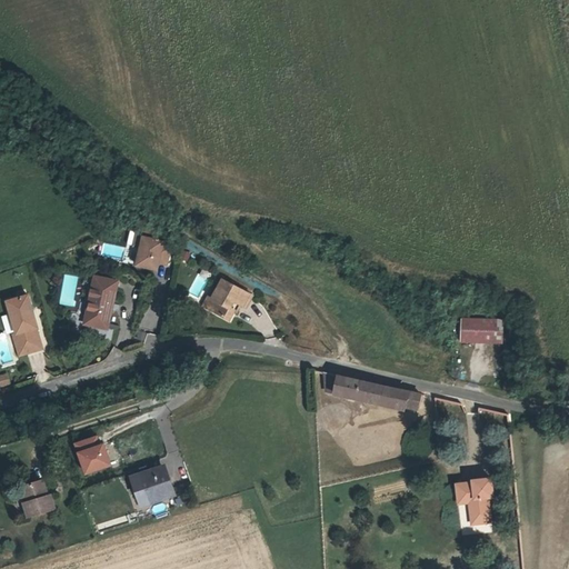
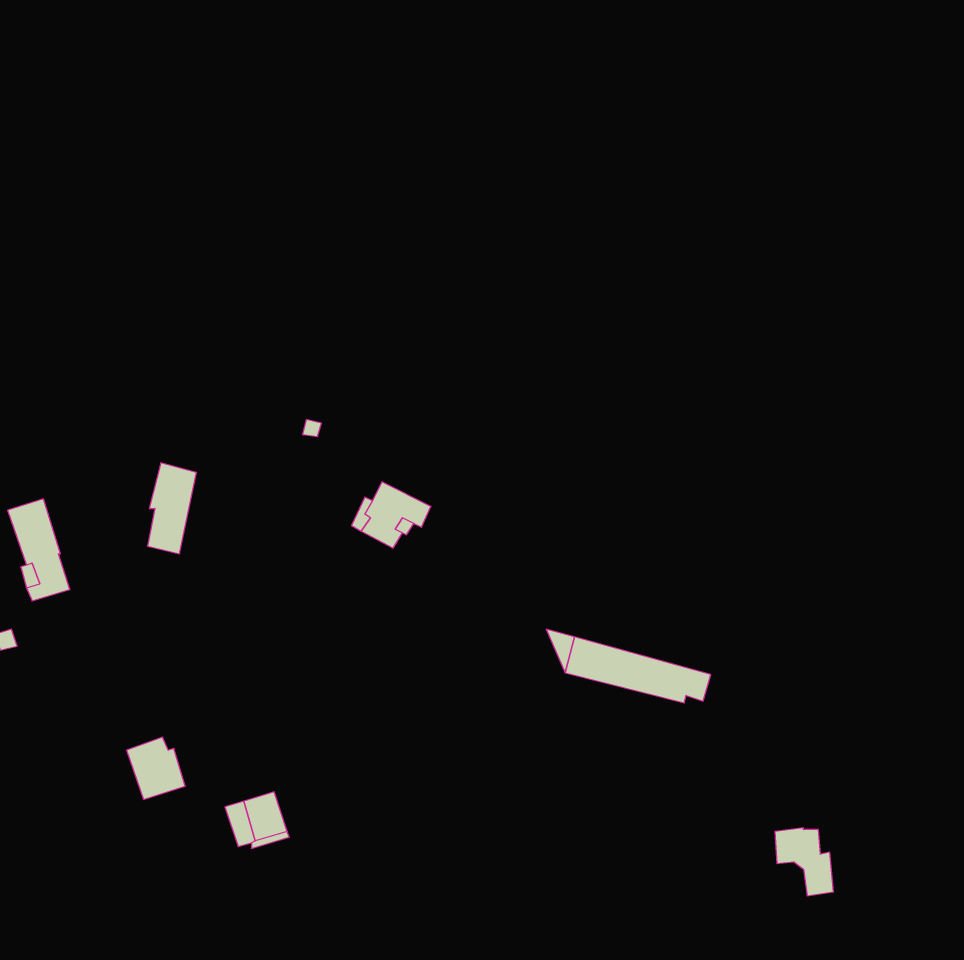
building: [134,232,169,268] -> none
building: [458,322,500,347] -> none
building: [22,476,53,513] -> none

